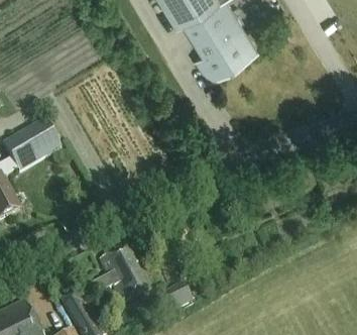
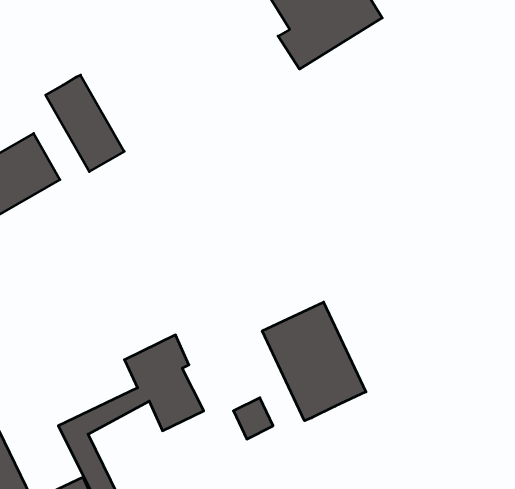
building: none -> [46,75,124,172]
building: none -> [262,302,366,421]

